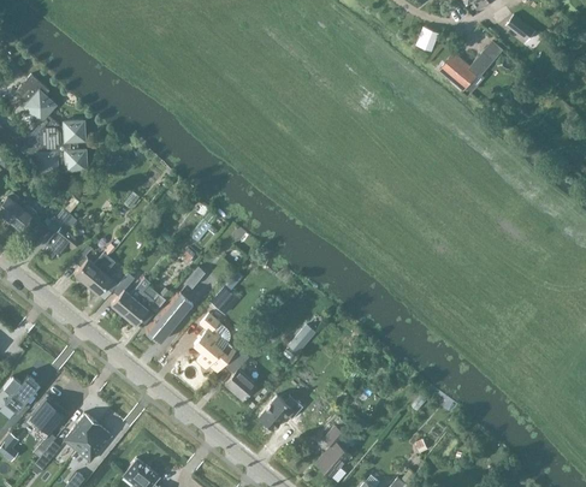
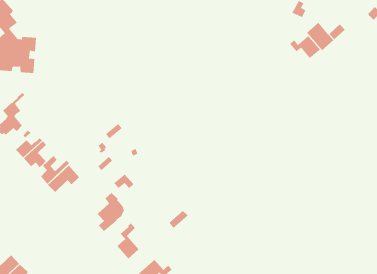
building: none -> [289,35,321,59]
building: [147,291,194,343] -> none

